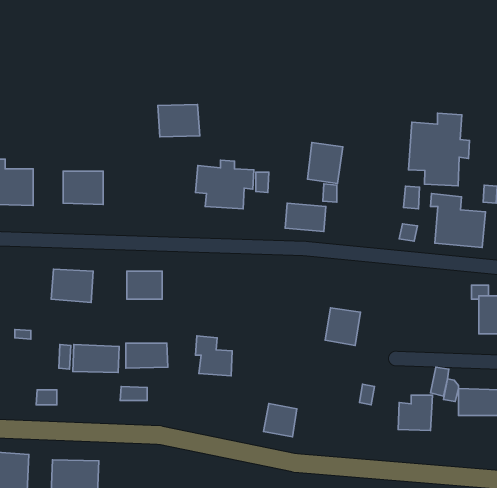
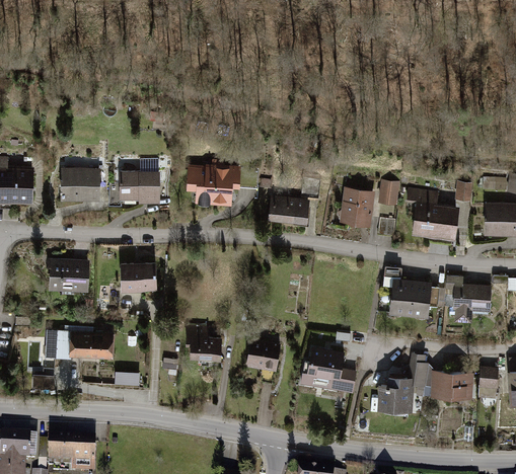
building: [158,105,200,137] -> [119,170,158,201]
building: [409,113,470,186] -> none
building: [307,143,343,183] -> [340,185,373,224]
building: none -> [390,283,428,316]
building: [325,308,361,346] -> [308,349,342,385]
building: [126,343,168,368] -> none
building: [264,404,297,437] -> [246,340,278,372]

